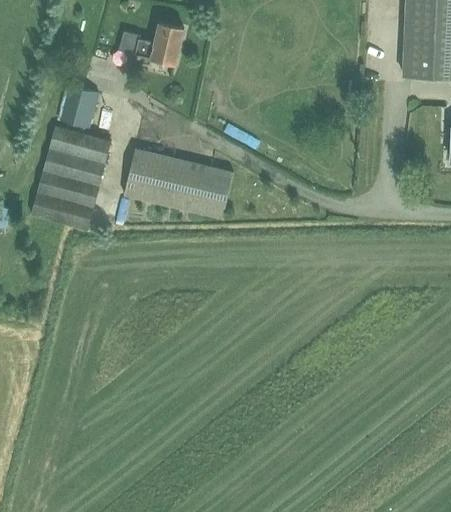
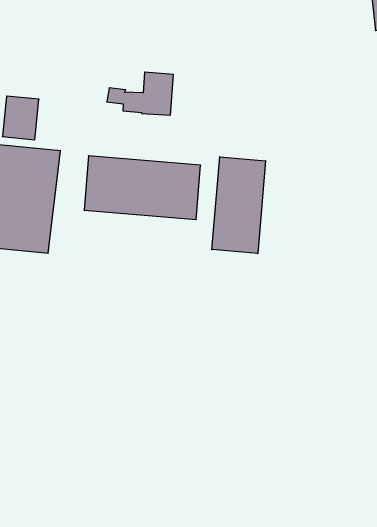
building: [122,23,184,64] -> [107,72,173,115]
building: none -> [212,157,266,254]

